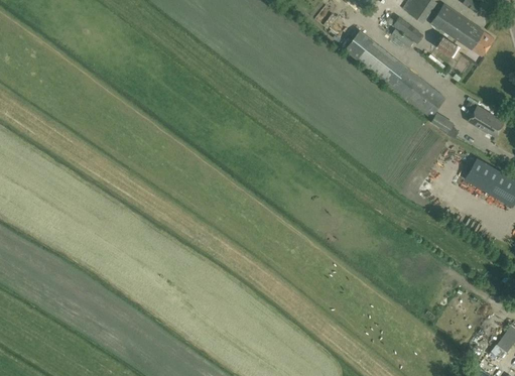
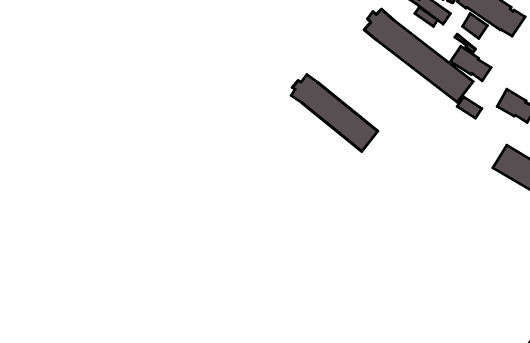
building: none -> [451,46,491,81]
building: none -> [291,74,378,151]

